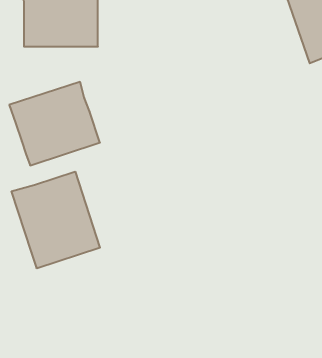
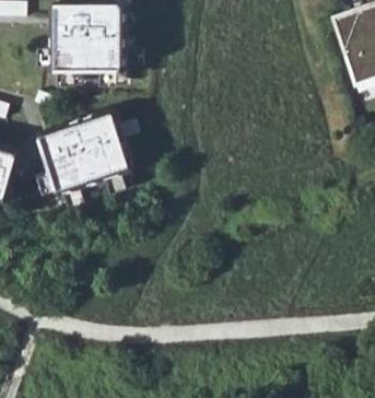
building: [12,172,100,268] -> none

